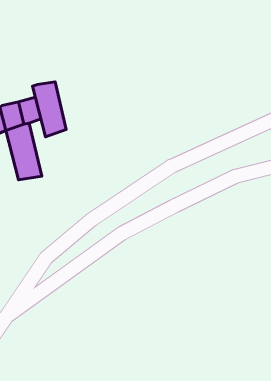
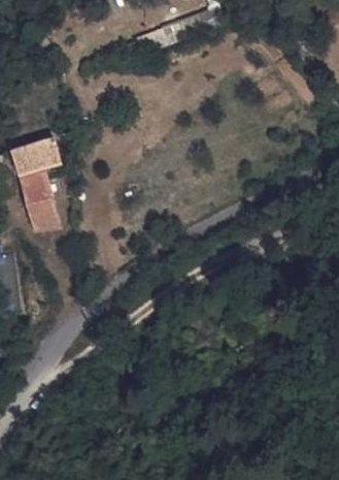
building: [33,82,66,137] -> none

